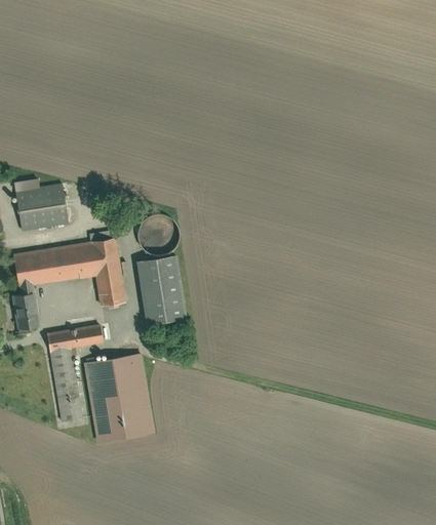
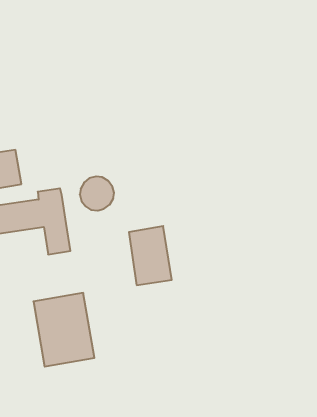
building: [135,254,187,325] -> [129,226,172,285]
building: [46,324,103,421] -> none

